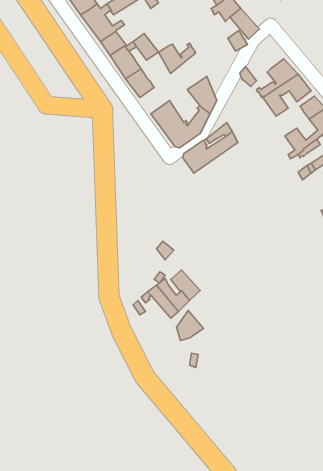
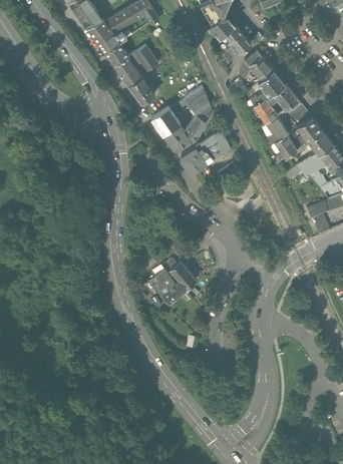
building: none -> [239,51,274,80]
building: [159,43,196,73] -> none
building: none -> [263,116,296,143]
building: [177,311,203,340] -> none

